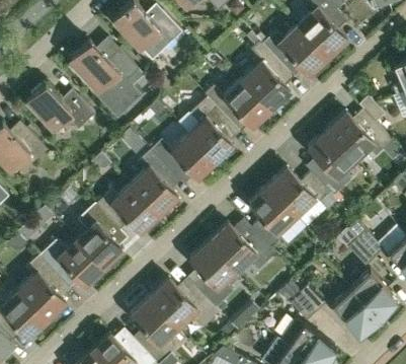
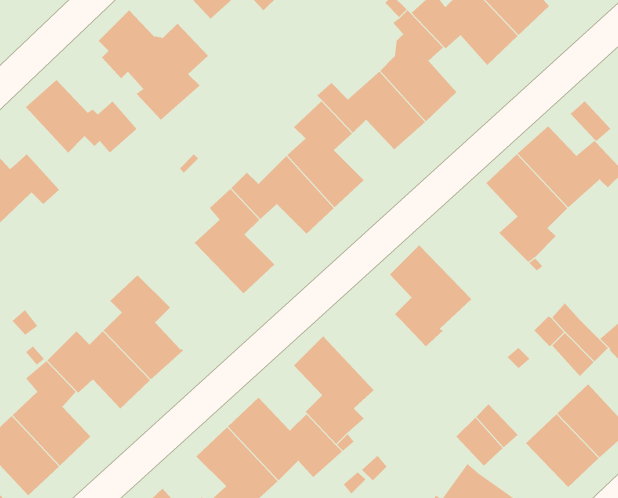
building: [266,167,329,219] -> none
building: [95,185,159,234] -> none
building: [208,223,275,275] -> none

